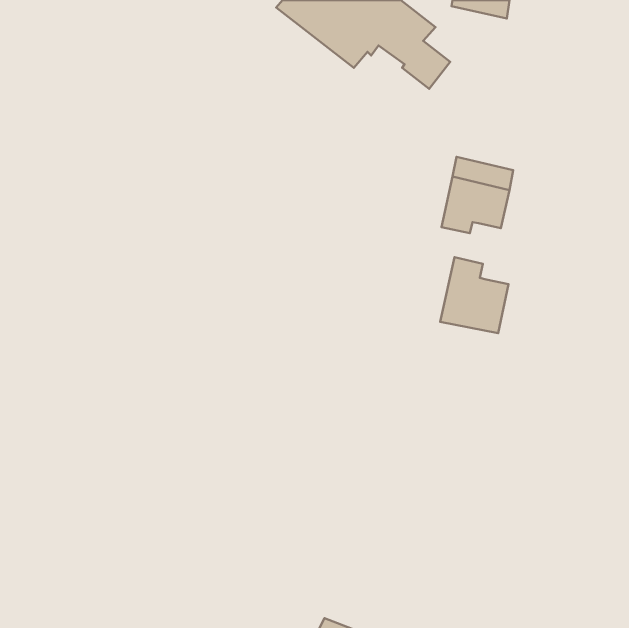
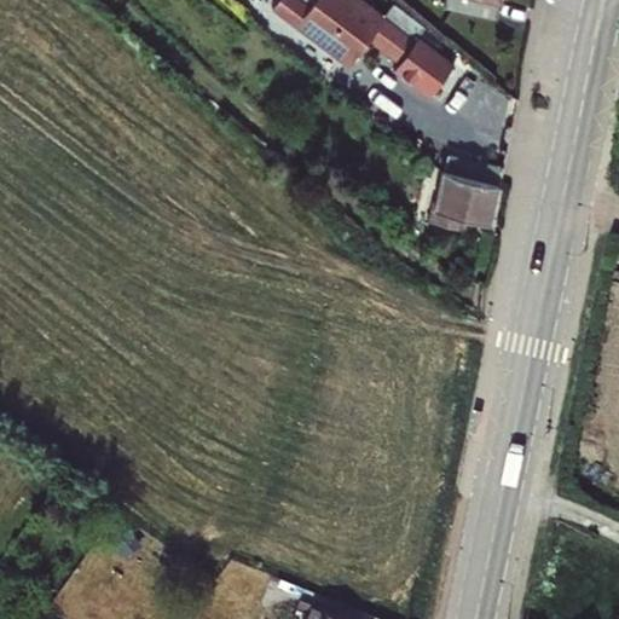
building: [440,257,508,333] -> none

